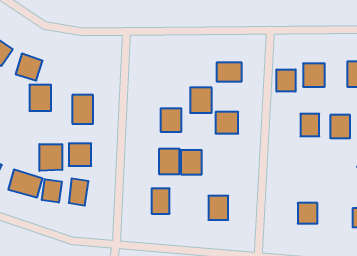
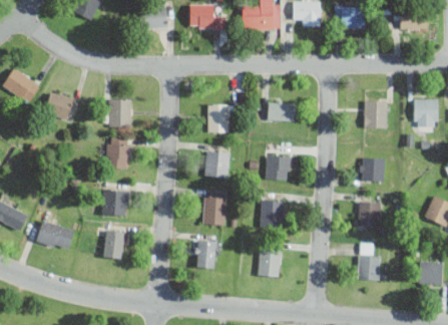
building: [277,69,296,92] -> none
building: [29,85,51,111] -> [108,98,132,127]
building: [190,88,212,113] -> [207,104,232,132]
building: [330,115,350,138] -> [358,202,380,228]
building: [39,144,62,171] -> none
building: [181,150,202,174] -> [261,201,284,228]
building: [42,179,62,203] -> none

